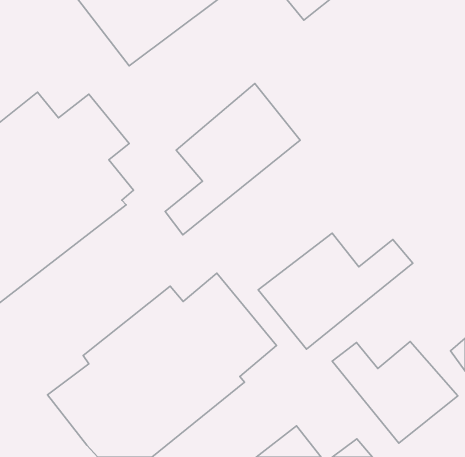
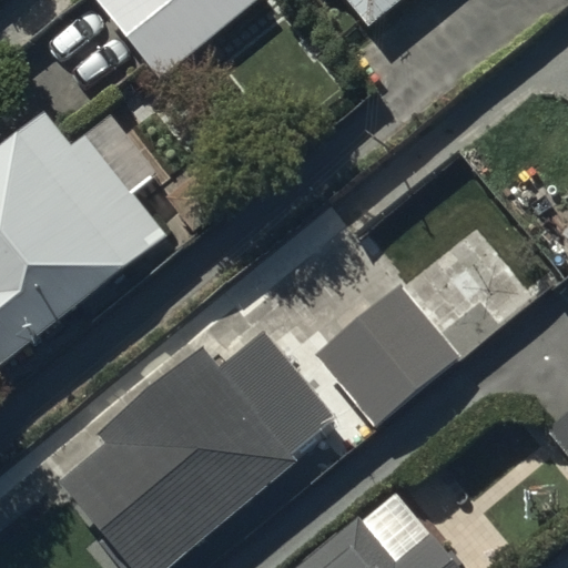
building: [165,84,300,235] -> none
building: [332,341,458,443] -> none

